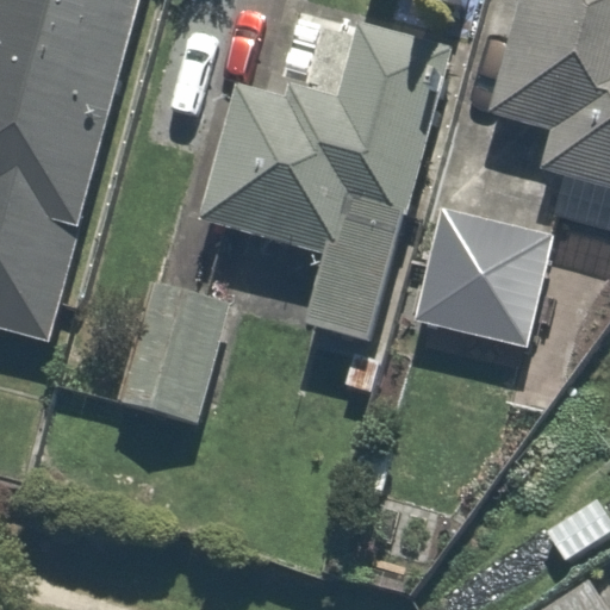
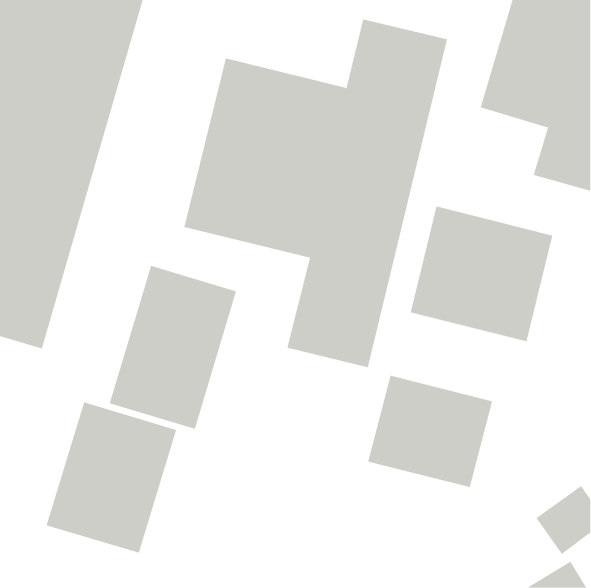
building: none -> [367,375,493,488]
building: none -> [46,401,177,554]

